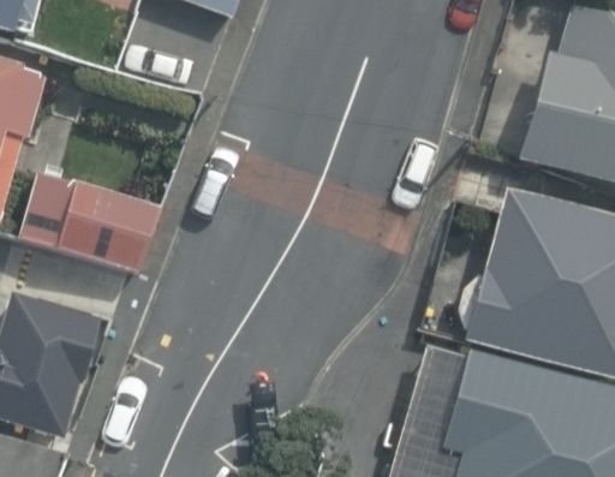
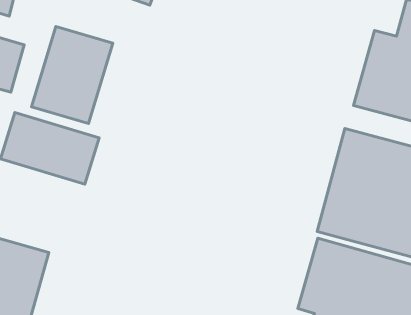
building: none -> [32,26,113,124]

